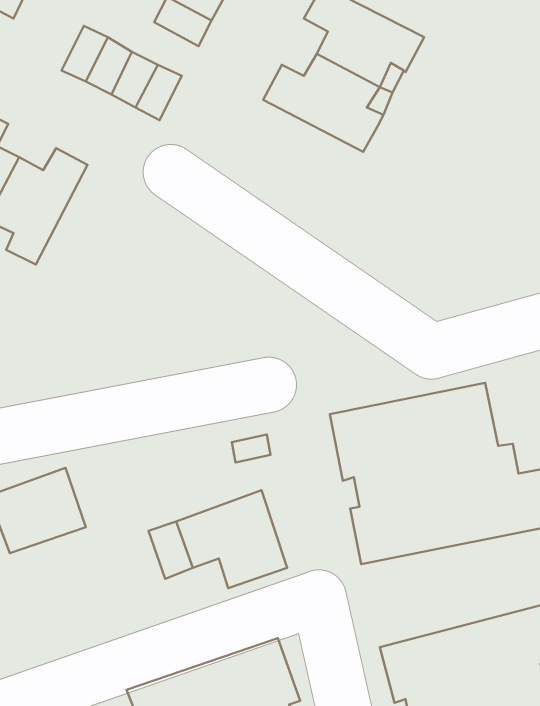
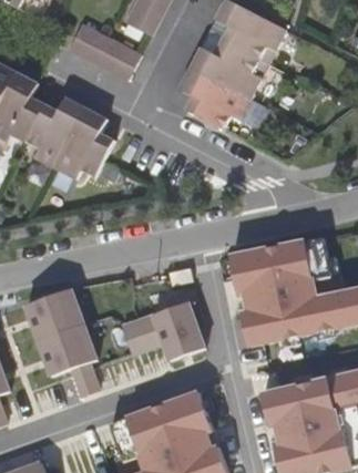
building: none -> [178,68,249,130]
building: none -> [53,106,113,178]
building: none -> [38,323,98,395]

